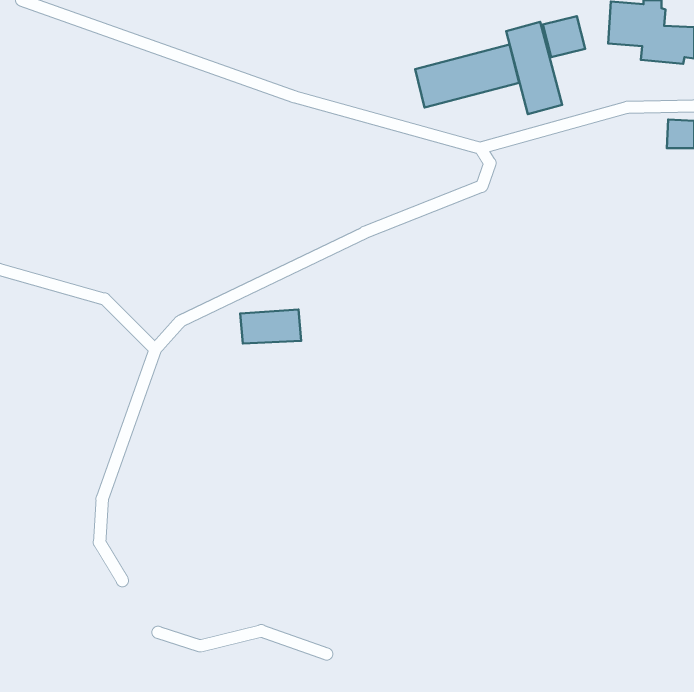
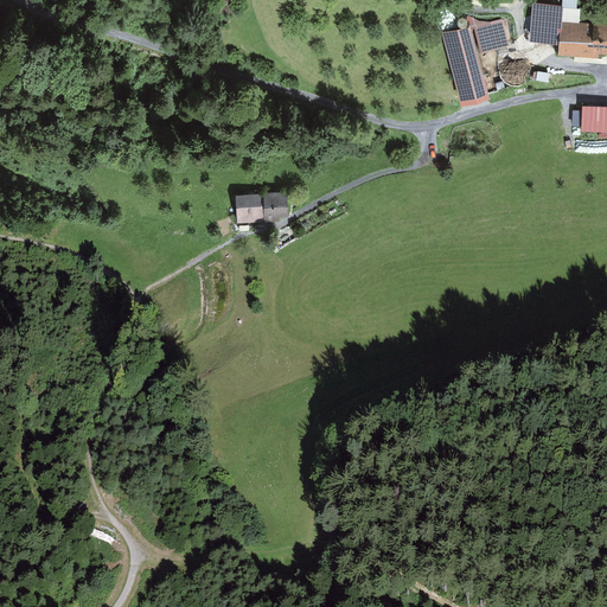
building: [415,44,519,107] -> none
building: [240,309,301,343] -> [234,193,287,223]

